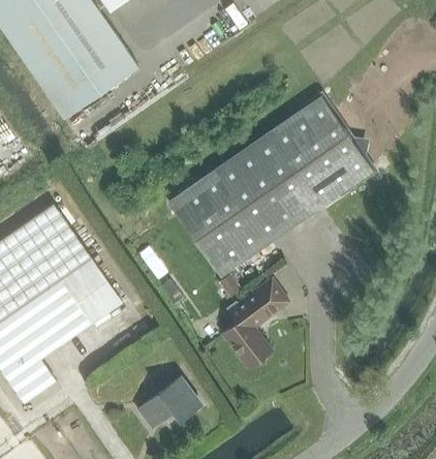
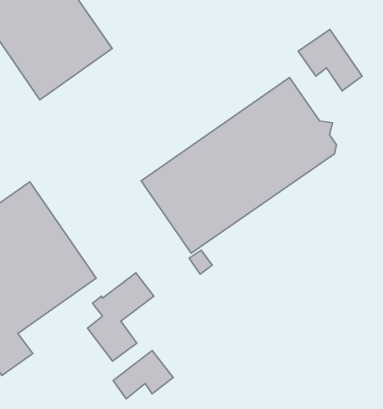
building: none -> [298,29,362,91]
building: [222,278,290,369] -> [88,273,154,361]

